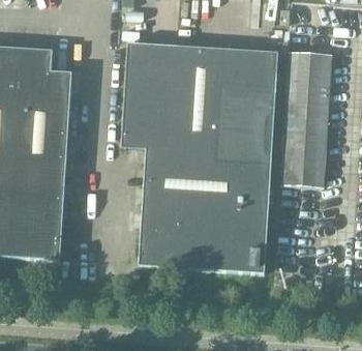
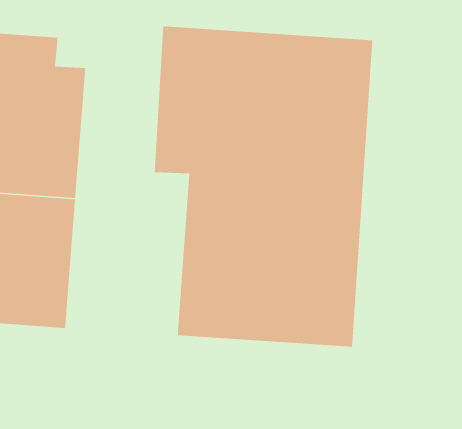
building: [281,51,331,186] -> none

